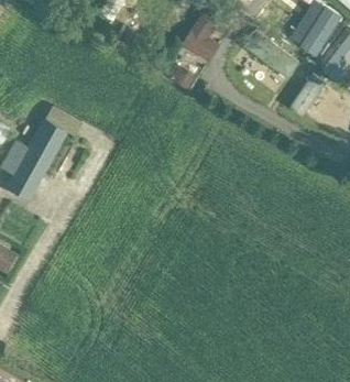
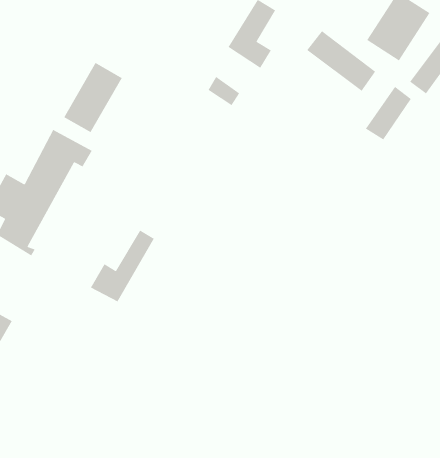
building: none -> [63,62,123,133]
building: none -> [90,230,155,302]

